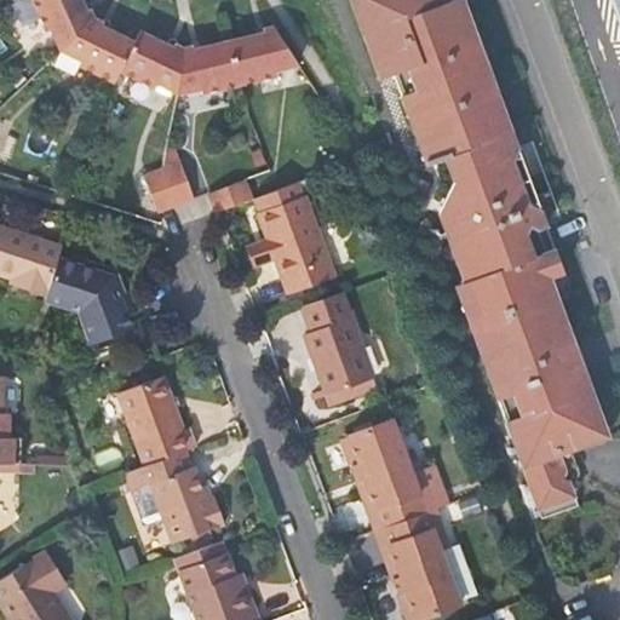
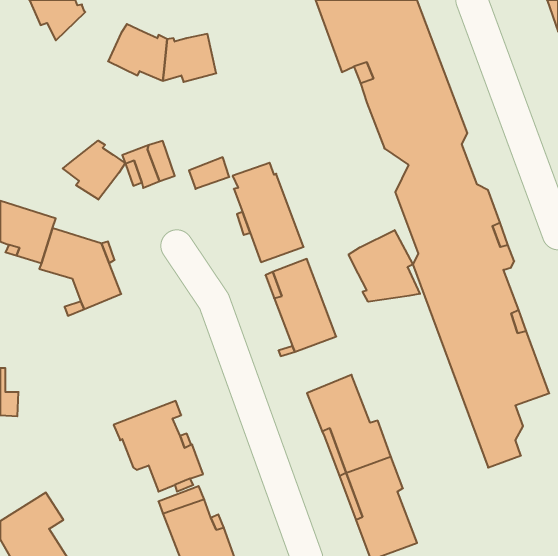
building: [62,16,134,81] -> none
building: [230,24,299,84] -> none
building: none -> [63,141,125,200]
building: none -> [349,230,420,302]
building: [117,377,195,466] -> none

